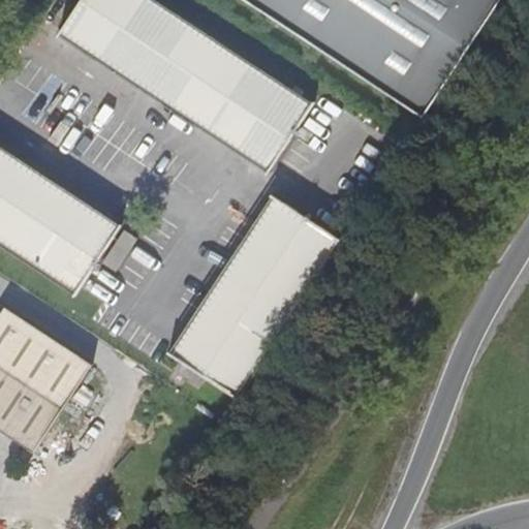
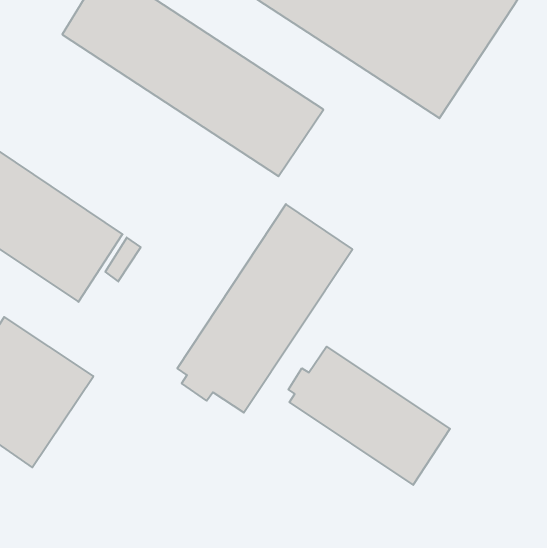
building: none -> [288,347,450,485]

